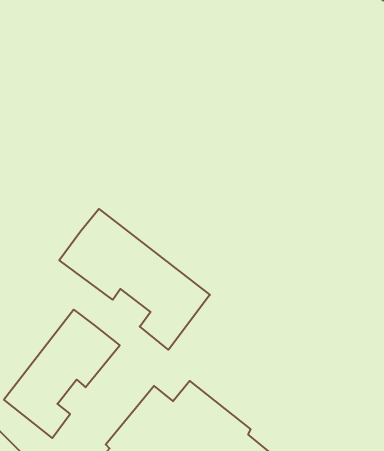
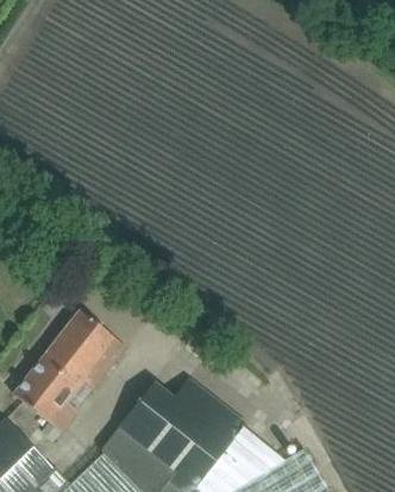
building: [59,209,210,350] -> none

